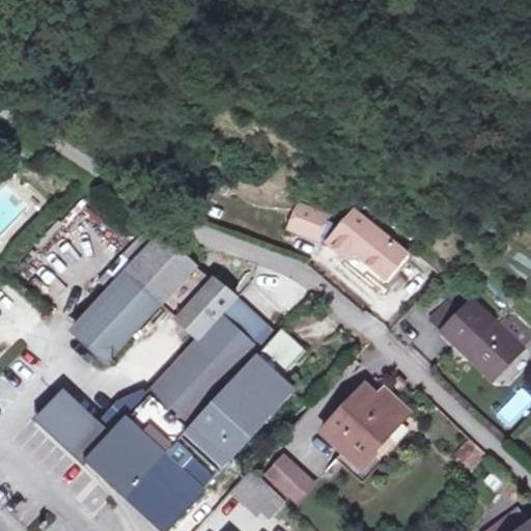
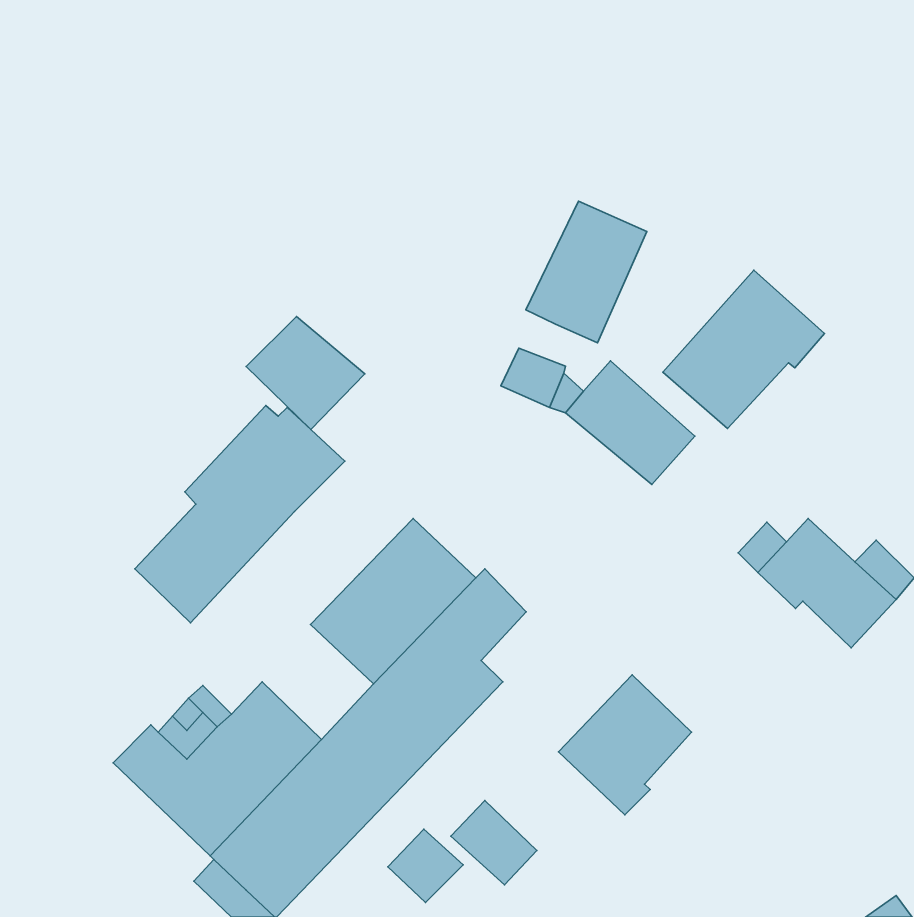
building: none -> [526,201,647,343]
building: none -> [663,270,824,428]
building: [170,267,239,332] -> [246,316,365,429]
building: [148,361,216,427] -> none
building: [38,394,87,441] -> none

